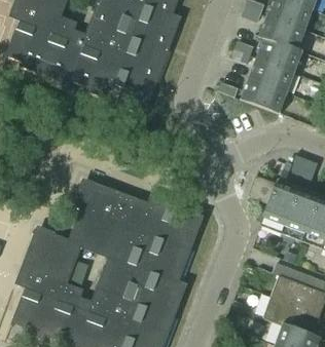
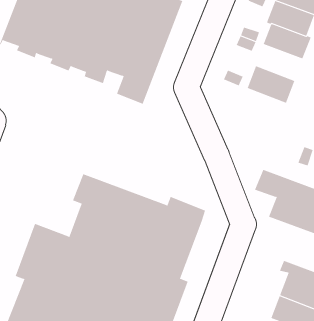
building: [248,57,293,92] -> none

